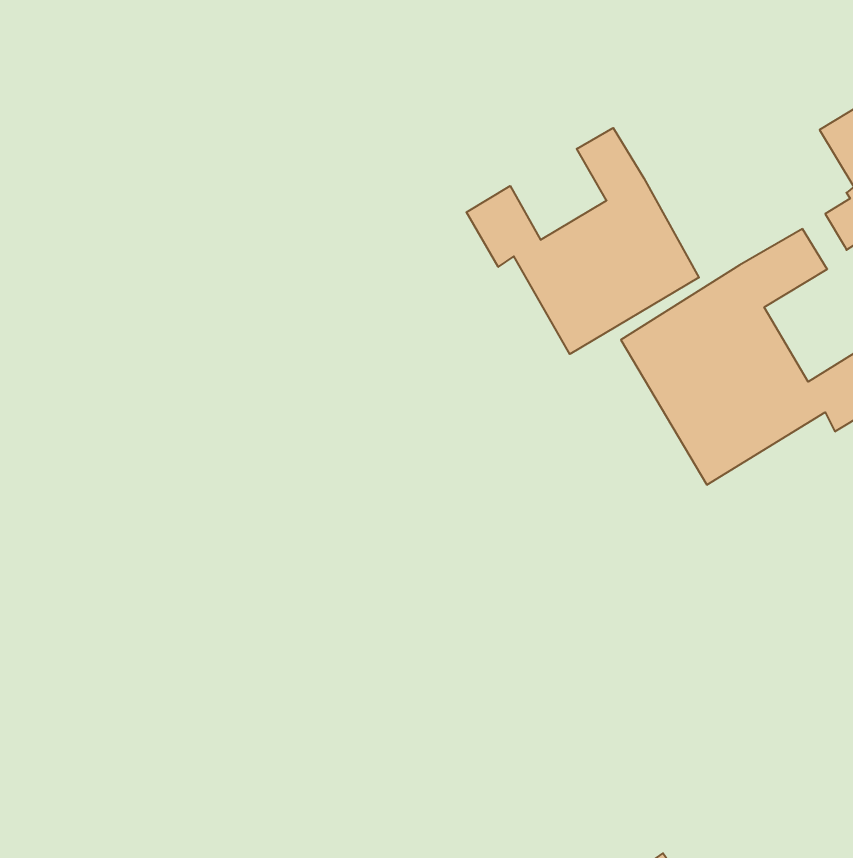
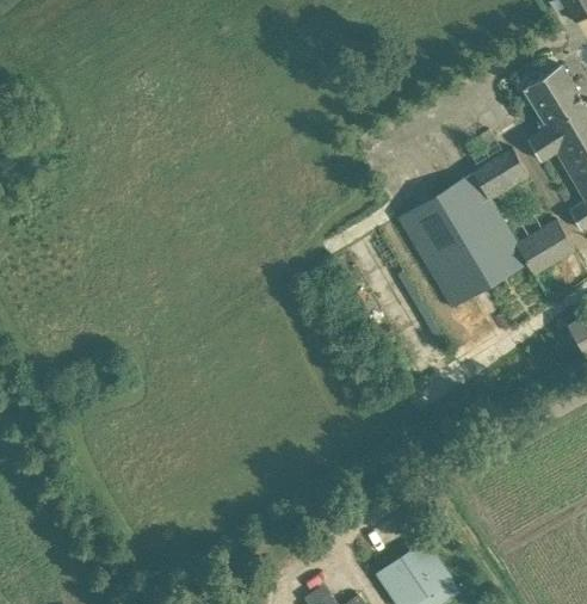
building: [466,128,699,354] -> none

